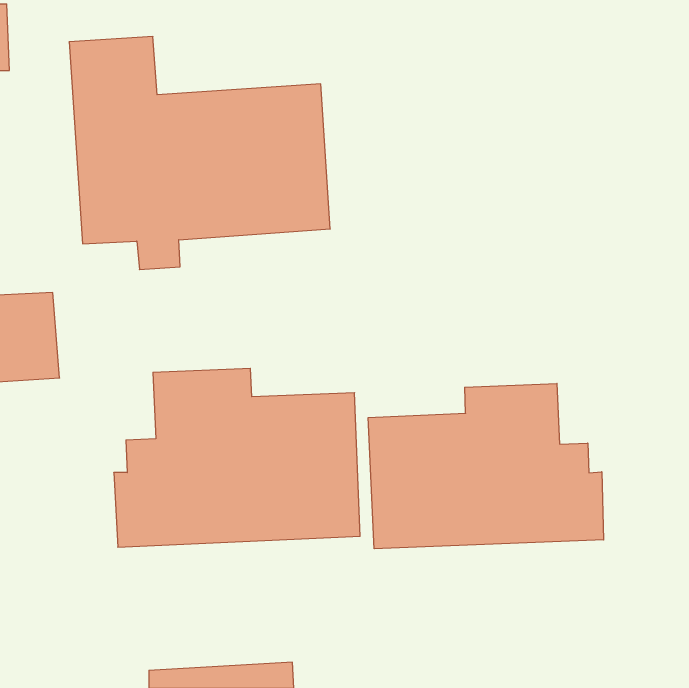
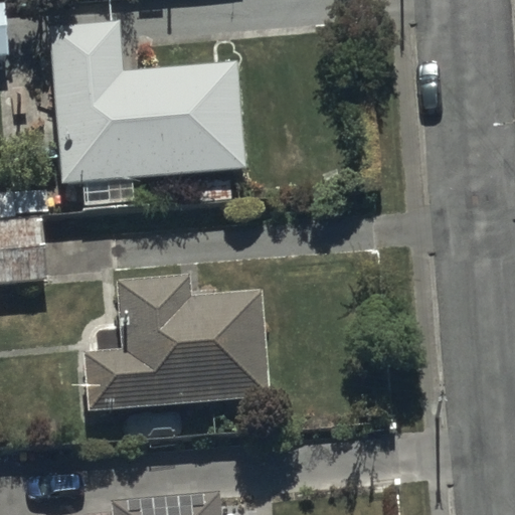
building: [368,383,604,549] -> none

